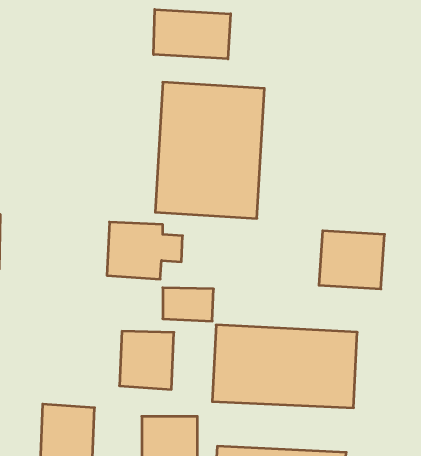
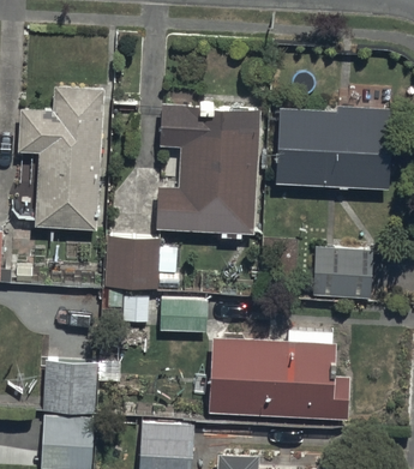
building: [154,9,231,59] -> none
building: none -> [17,86,100,229]
building: none -> [274,106,390,186]
building: [119,331,174,389] -> [43,363,96,420]

